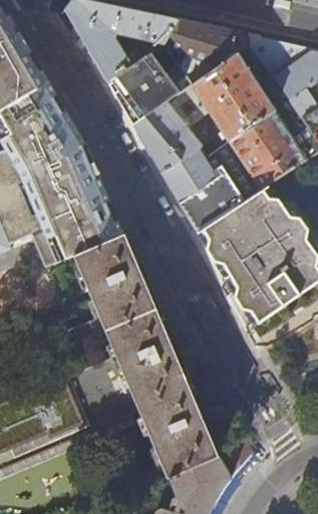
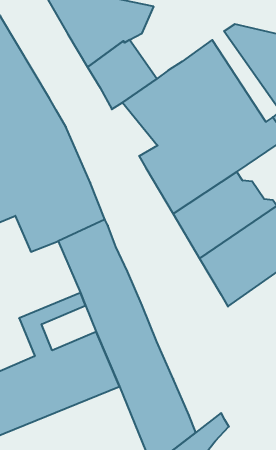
building: [163,19,258,84] -> none
building: [131,117,179,173] -> none

